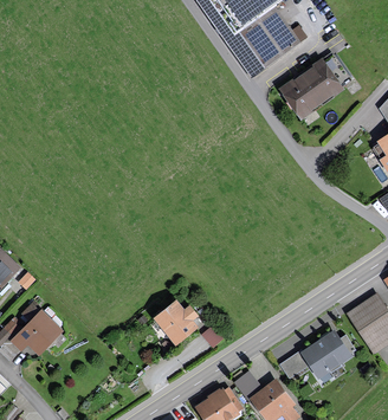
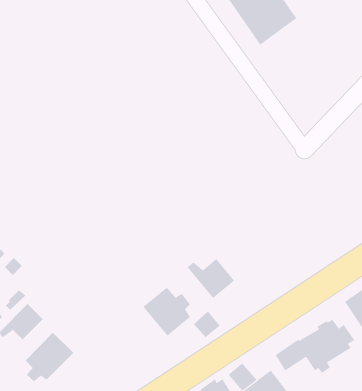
building: [278,54,351,121] -> none
building: none -> [187,258,235,299]
building: none -> [25,332,74,382]

